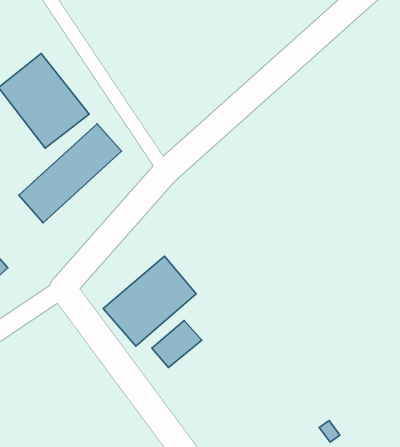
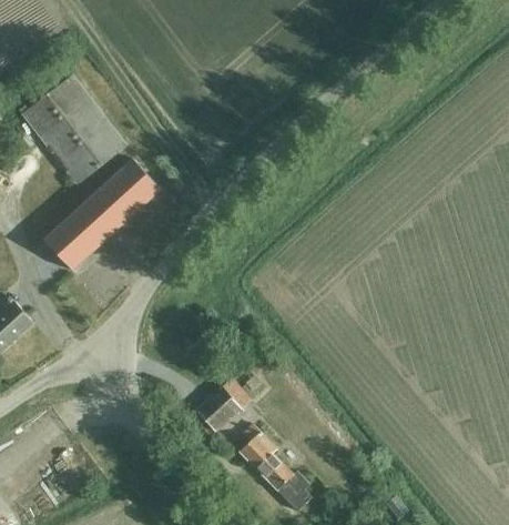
building: [103,256,196,346] -> none
building: none -> [240,426,309,512]

